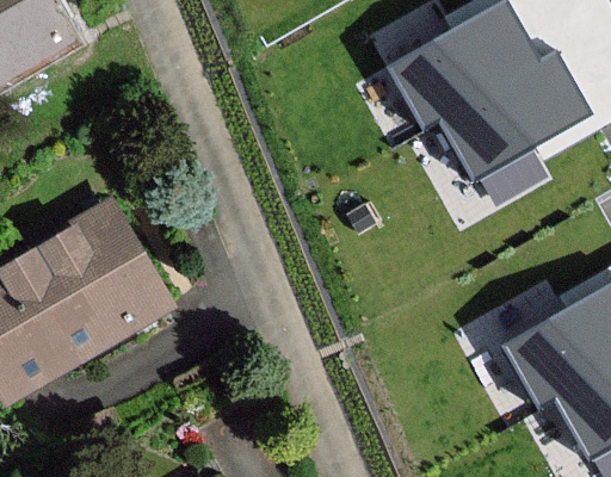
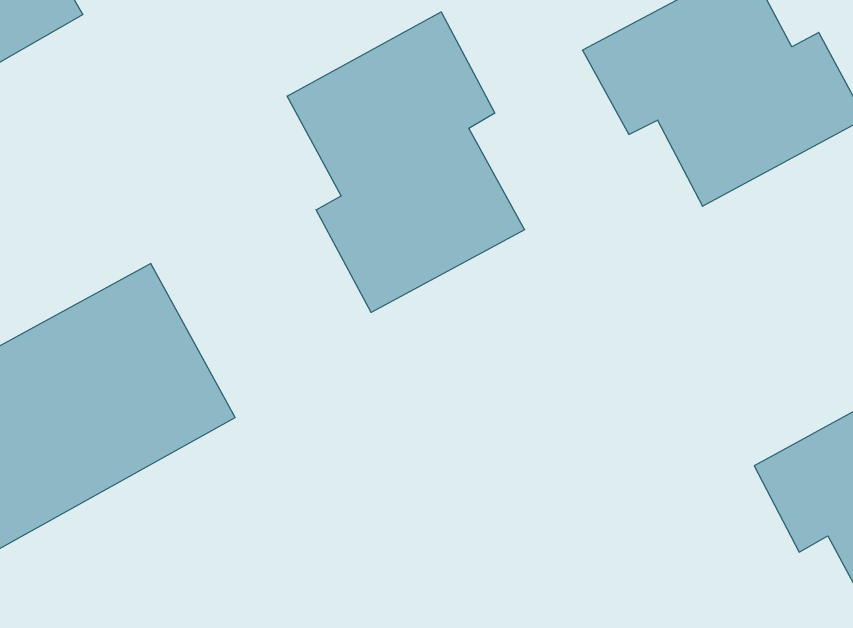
building: none -> [287,12,525,312]

